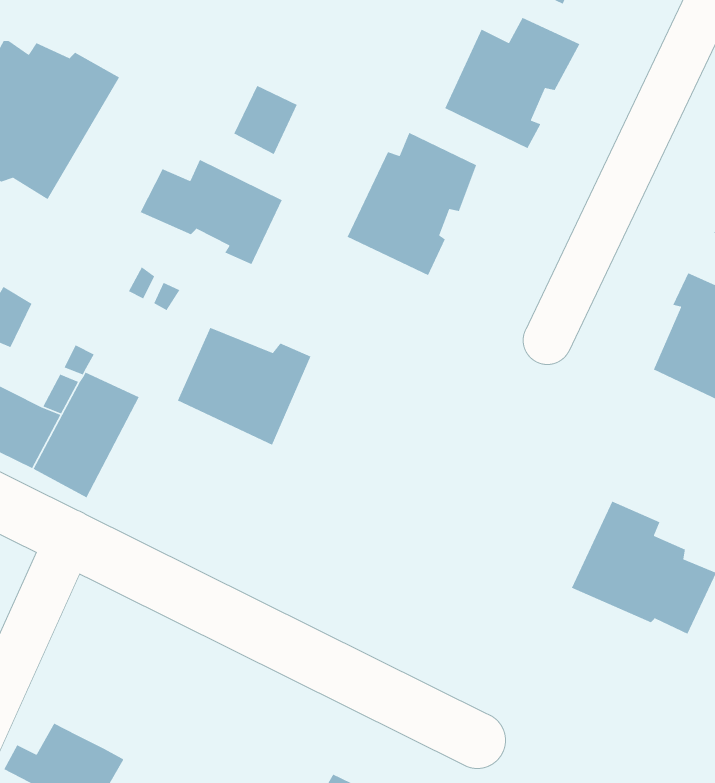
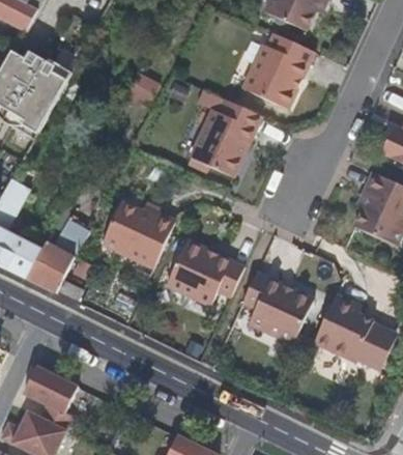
building: [140,159,283,265] -> none
building: none -> [165,239,240,303]
building: none -> [239,269,311,341]
building: none -> [31,367,85,431]

